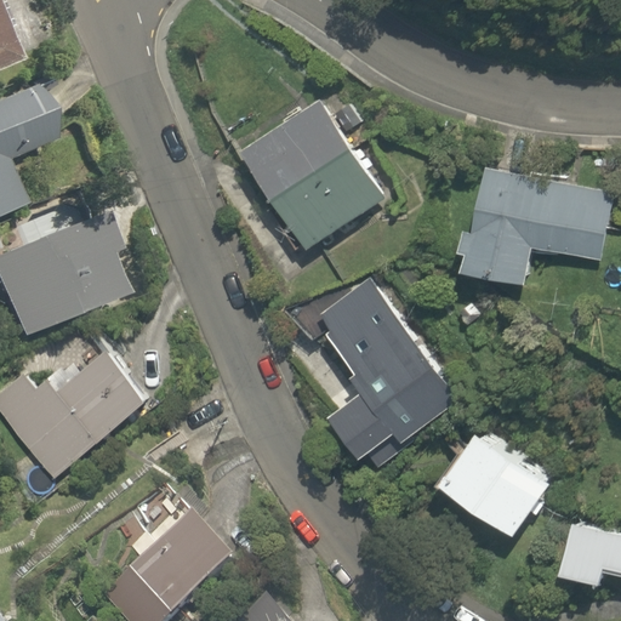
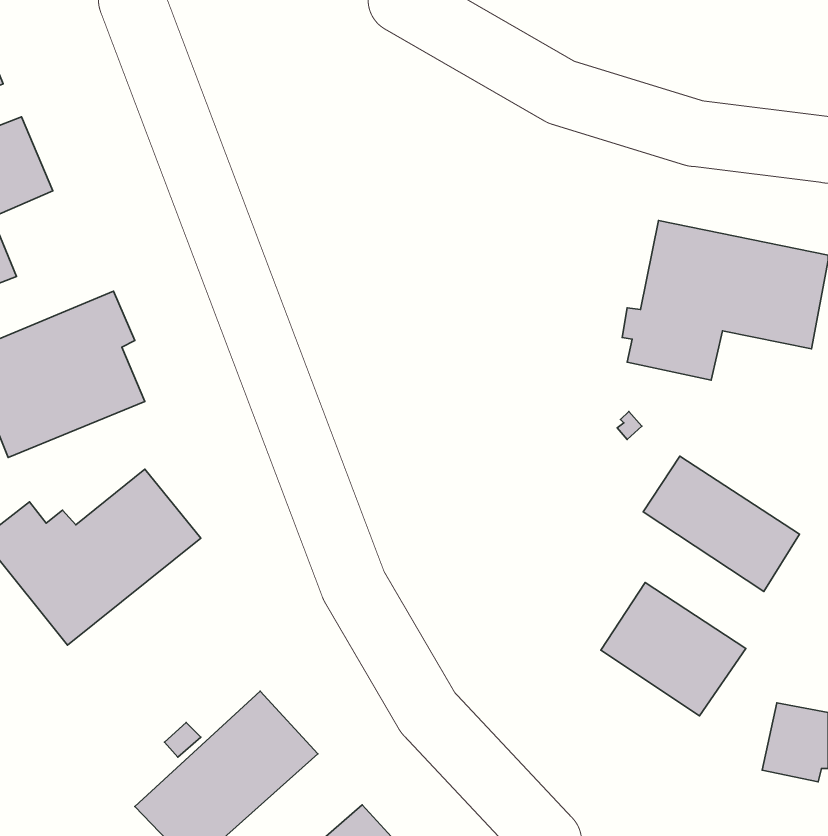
building: [243,101,382,247] -> none
building: [319,278,458,469] -> none
building: none -> [643,456,799,591]

